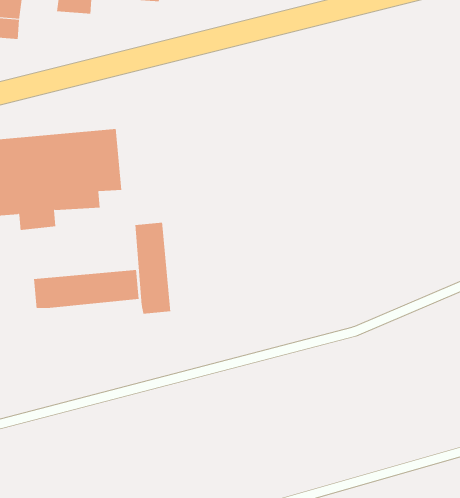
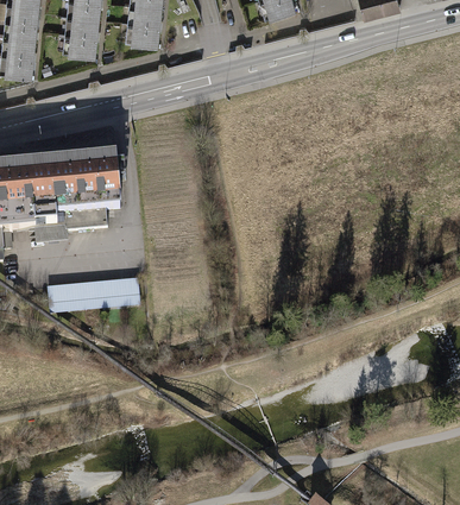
building: [135,222,171,314] -> none

